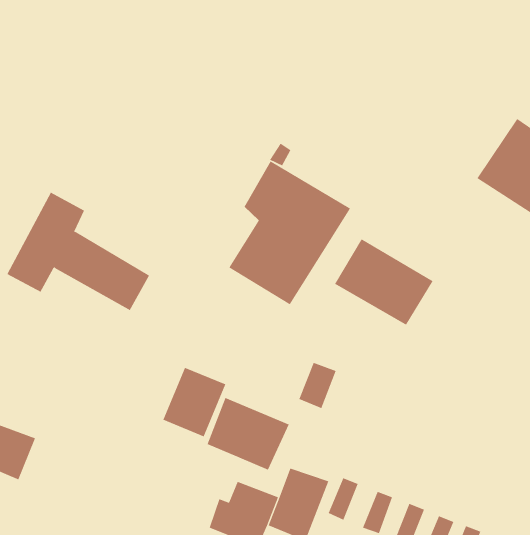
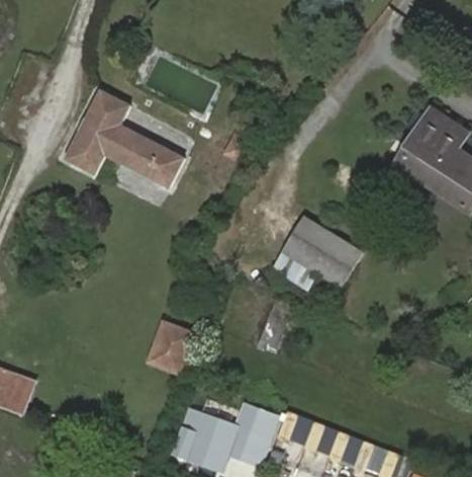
building: [229,161,351,305] -> none
building: [6,192,150,311] -> [65,90,183,188]
building: [207,397,290,471] -> none

